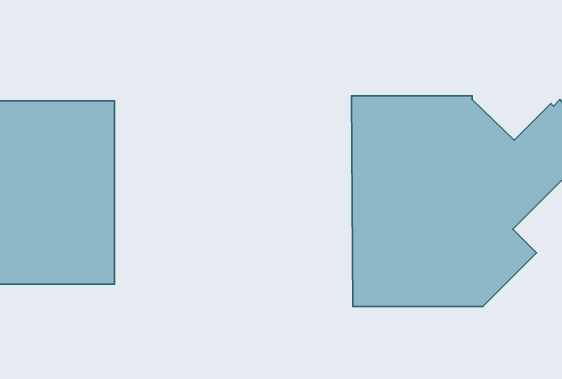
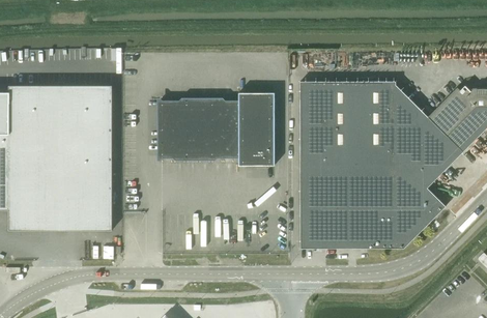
building: none -> [159,93,273,166]

